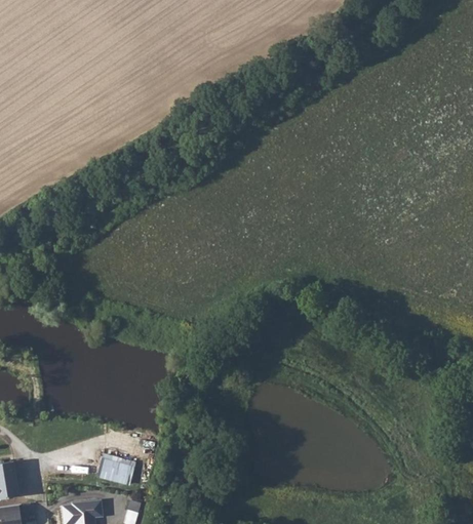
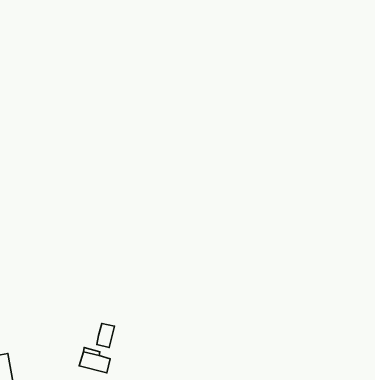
building: none -> [97,324,114,348]

